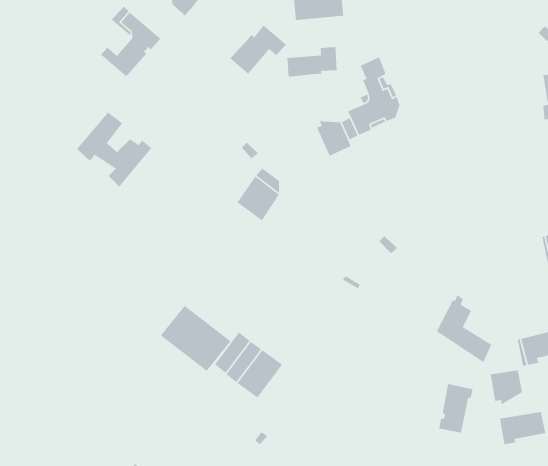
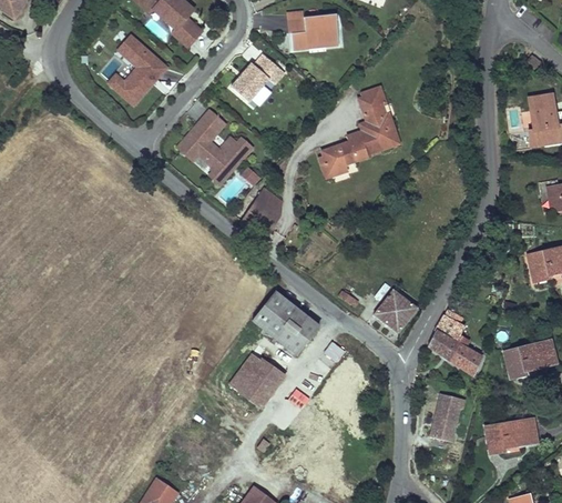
building: [286,46,338,77] -> none
building: [76,111,152,188] -> [182,112,254,184]
building: none -> [374,290,417,333]
building: [160,305,231,372] -> [252,292,319,355]
building: [490,370,523,405] -> none

